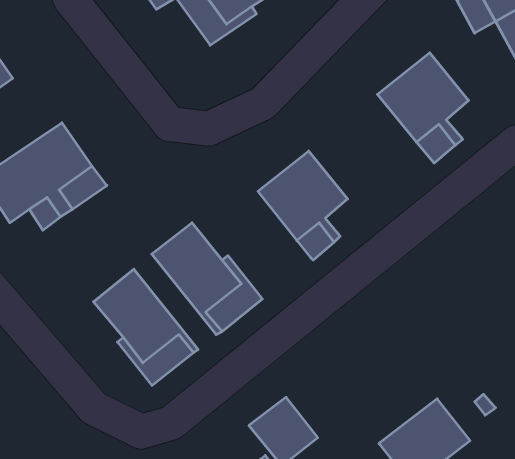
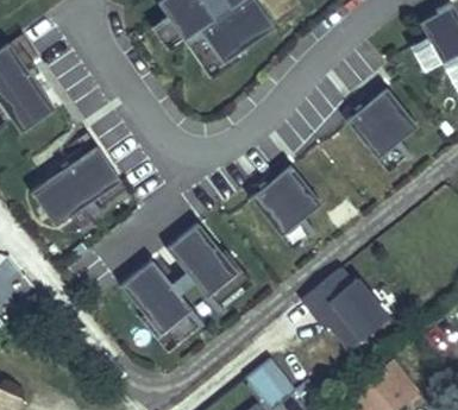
building: none -> [296,266,385,354]

